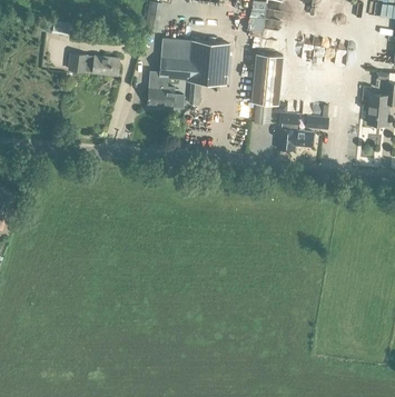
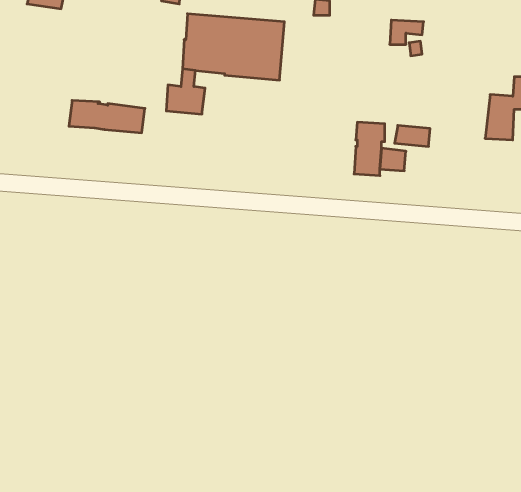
building: [67,52,119,75] -> [69,100,145,133]
building: [250,52,282,122] -> none

